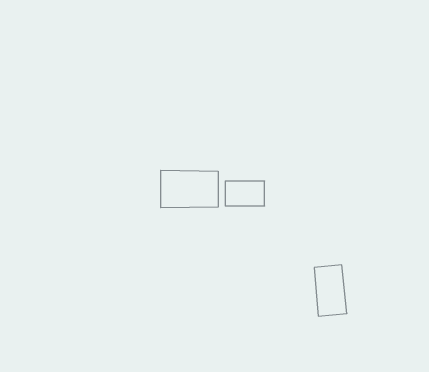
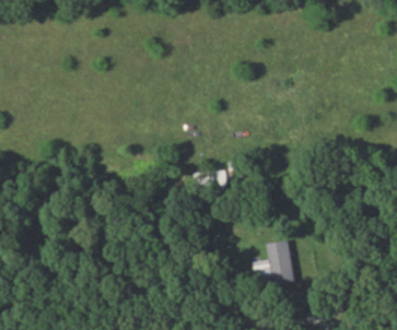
building: [161,170,218,208] -> none

